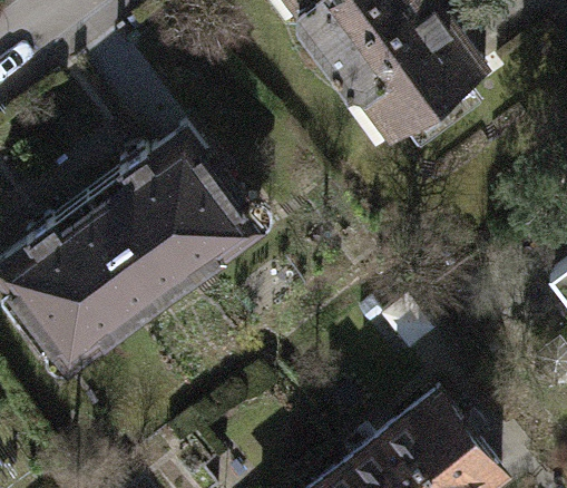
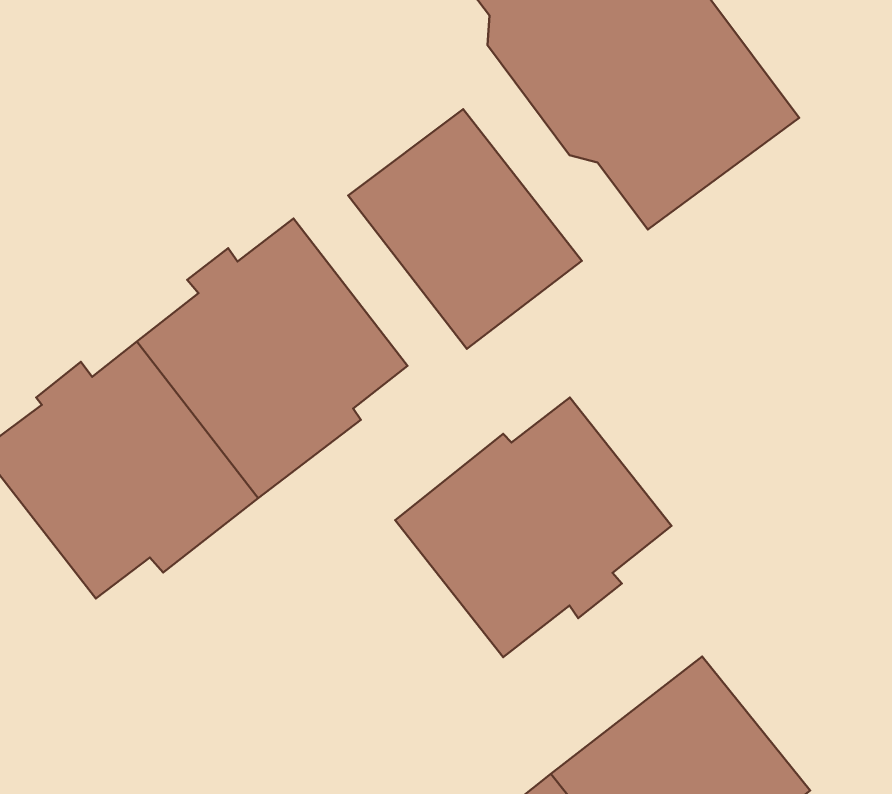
building: none -> [348,109,582,349]
building: none -> [395,397,672,657]

